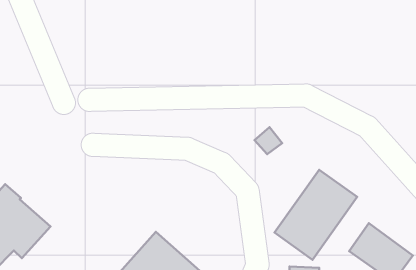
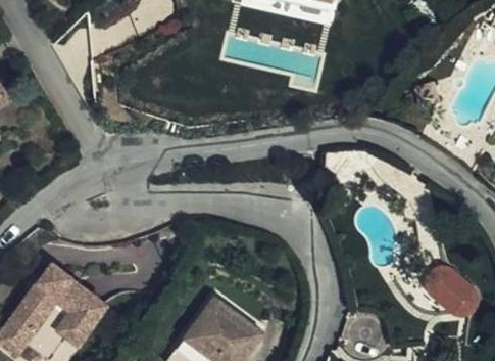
building: [275,170,357,260] -> none

